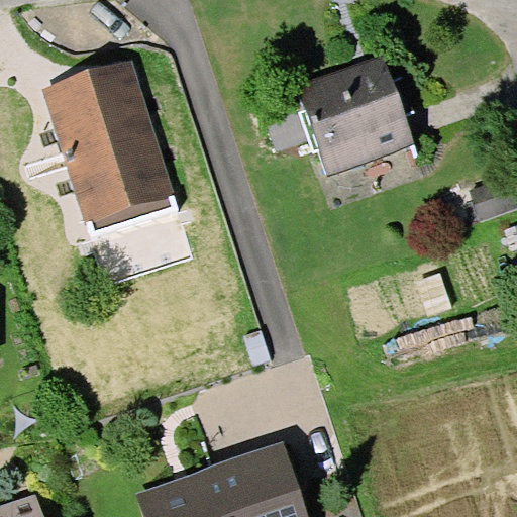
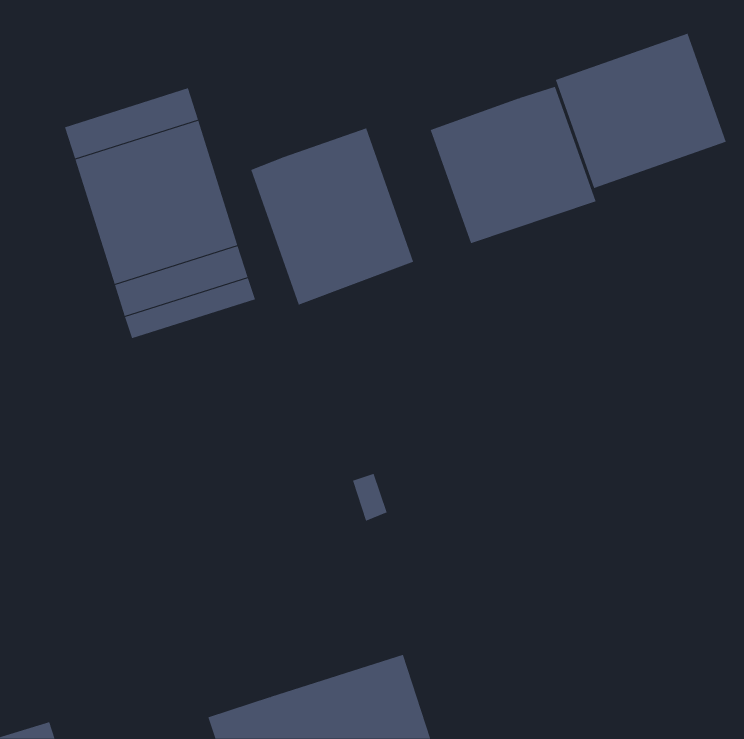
building: none -> [555,33,727,189]
building: none -> [250,128,414,305]

